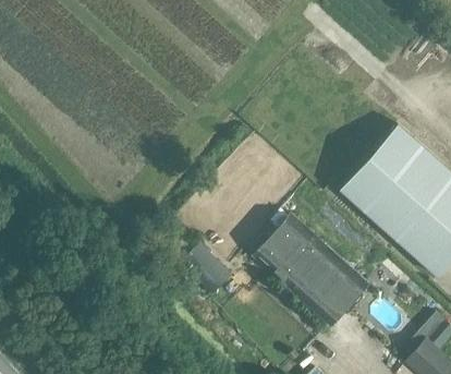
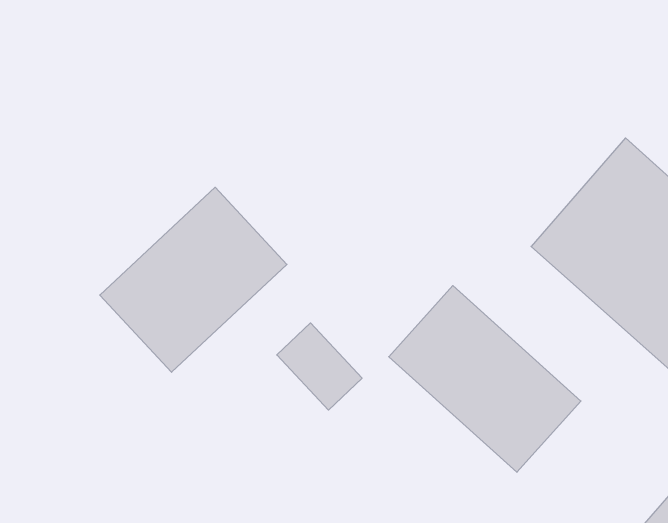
building: none -> [100,187,287,372]

